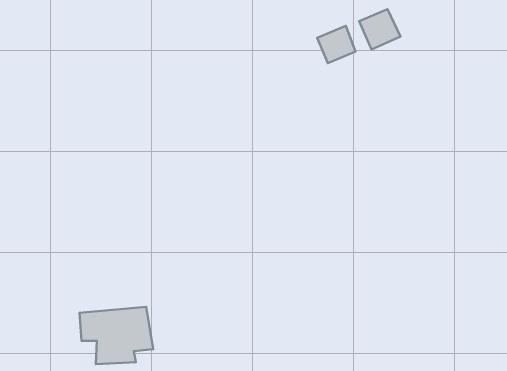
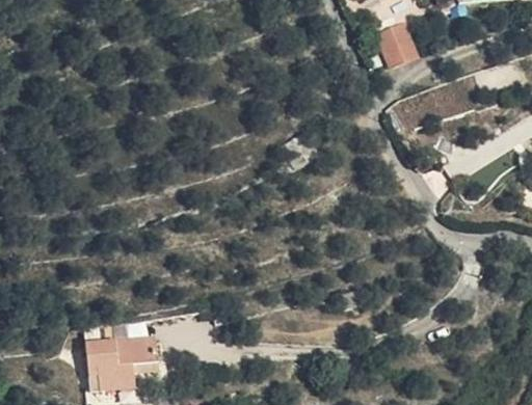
building: [317,26,355,63] -> none

